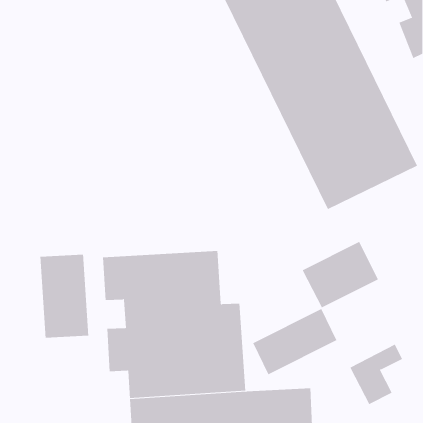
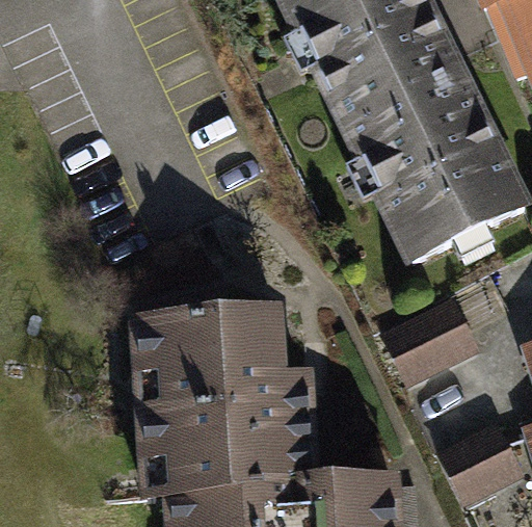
building: [40,254,89,339] -> none
building: [253,308,337,375] -> none

